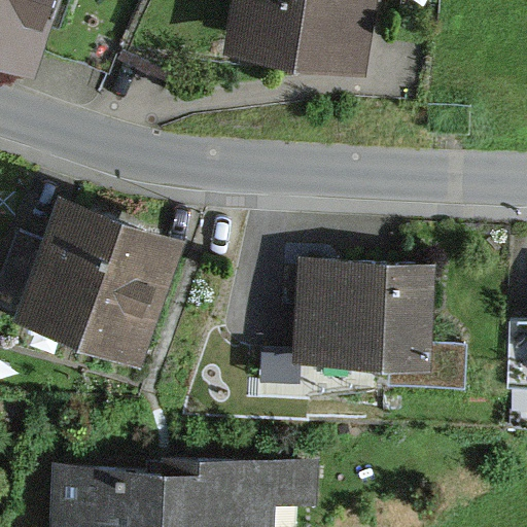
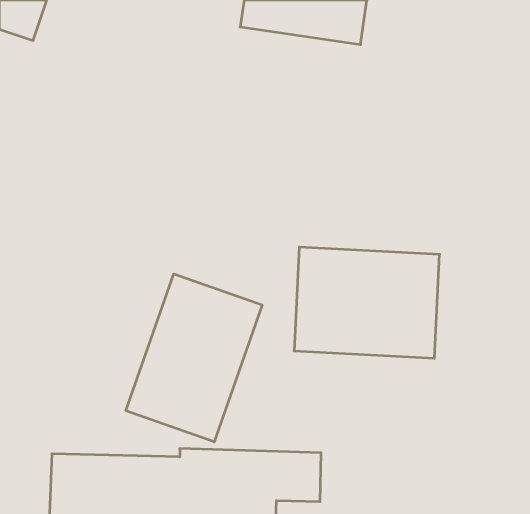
building: [14,191,185,361] -> none
building: none -> [126,274,262,442]

